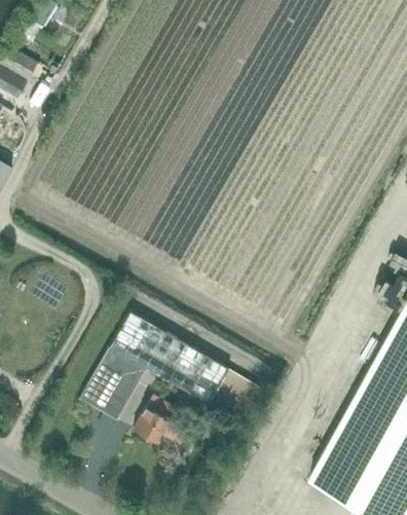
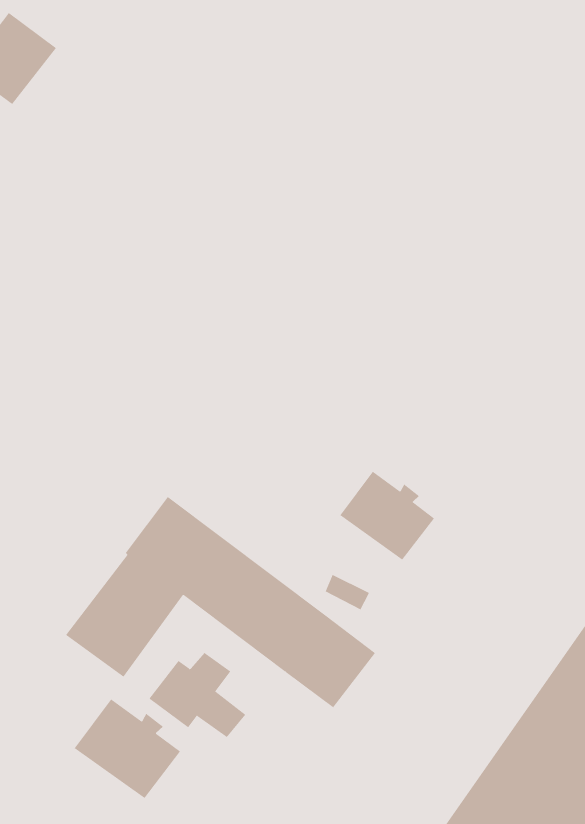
building: none -> [339,471,435,561]
building: none -> [74,698,181,799]

